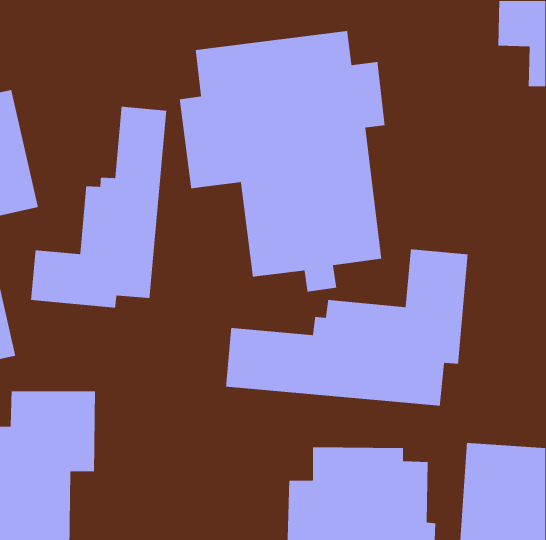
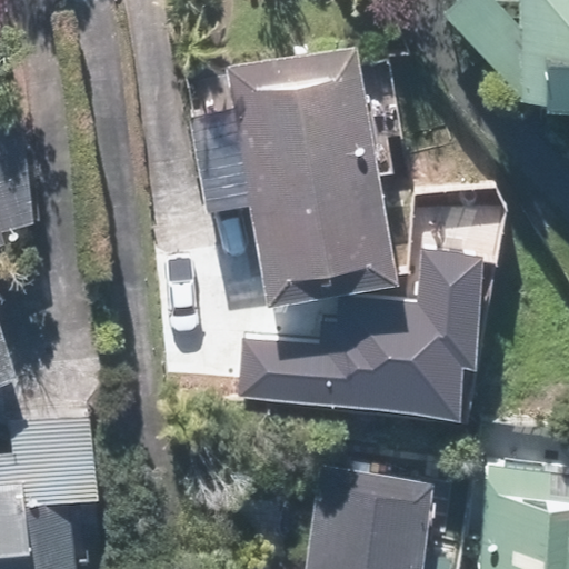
building: [30,106,167,308] -> none

